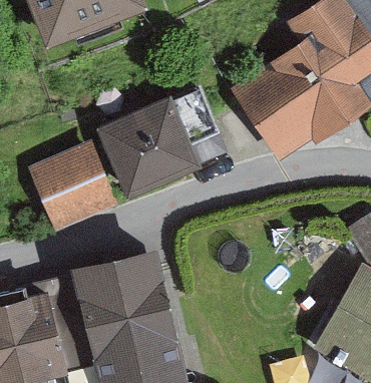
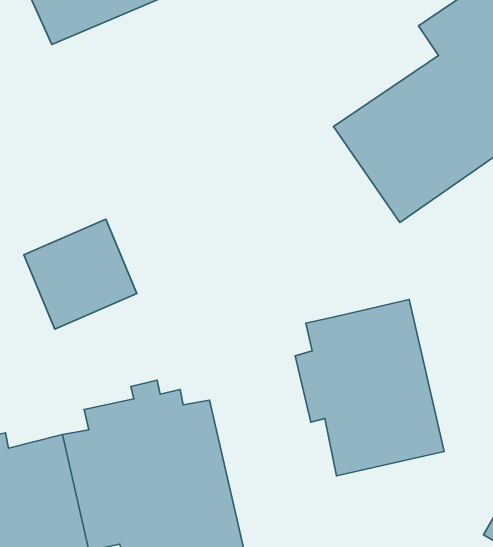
building: [100,94,221,197] -> none
building: none -> [295,299,444,476]

